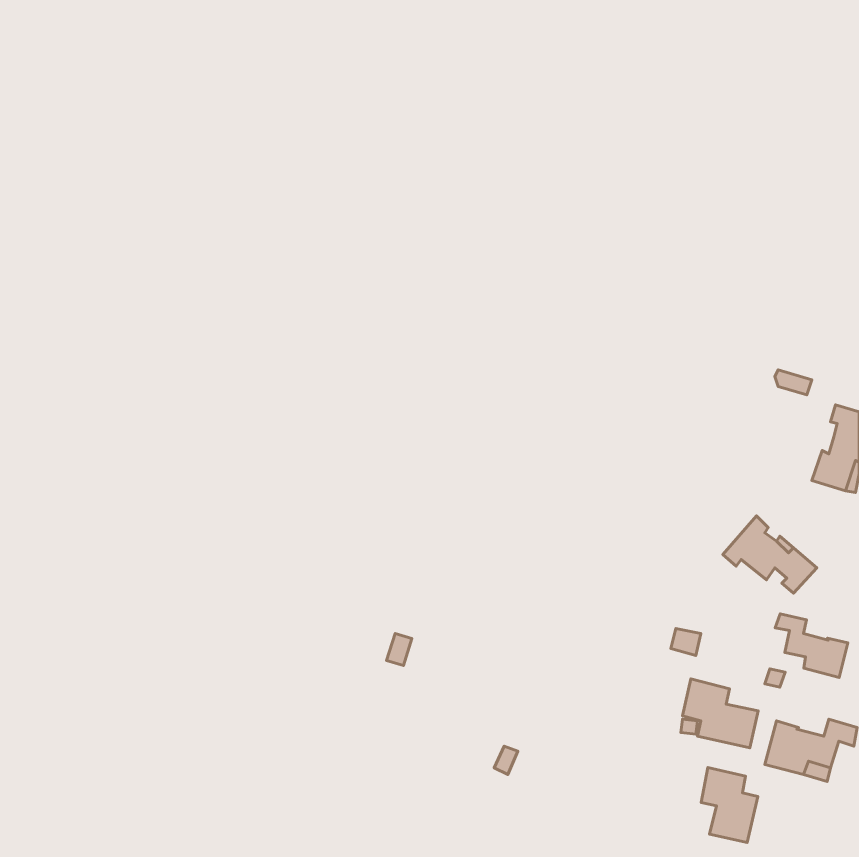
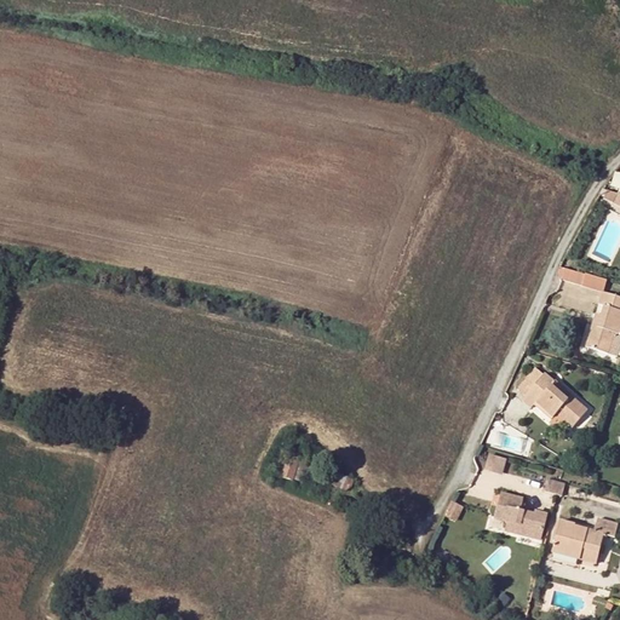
building: [775,614,848,677] -> none
building: [701,768,758,843] -> none

